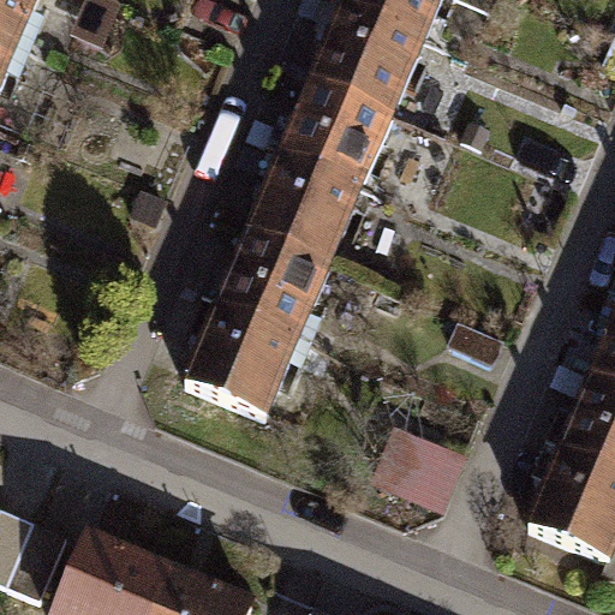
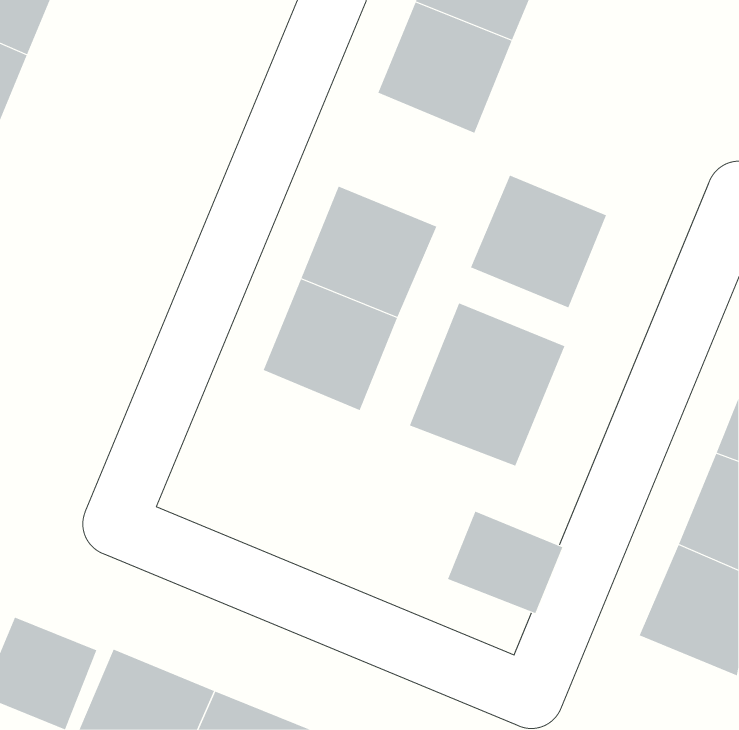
building: [280,77,393,187] -> [470,175,607,308]
building: none -> [409,303,565,467]
building: [185,306,298,417] -> none

